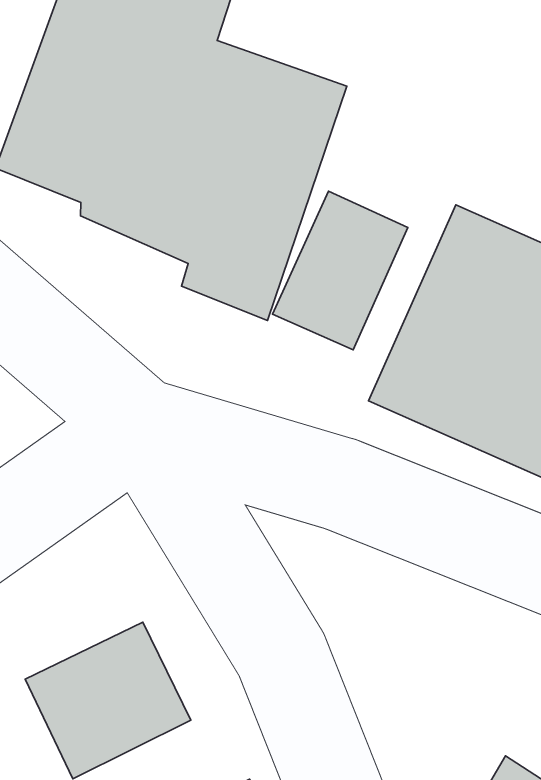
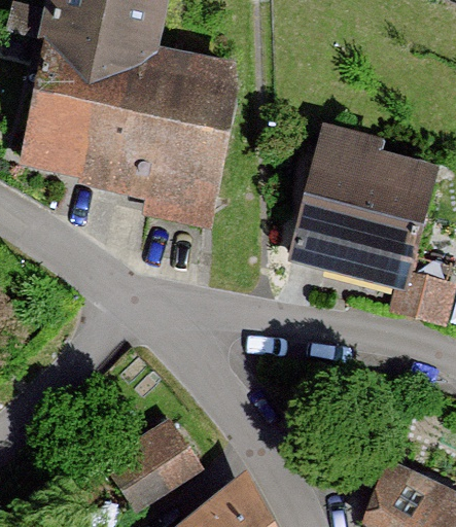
building: [272,191,408,350] -> none

